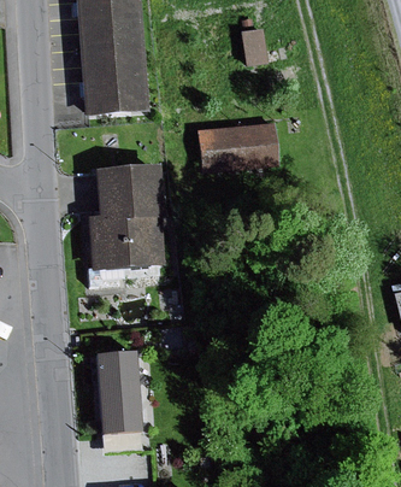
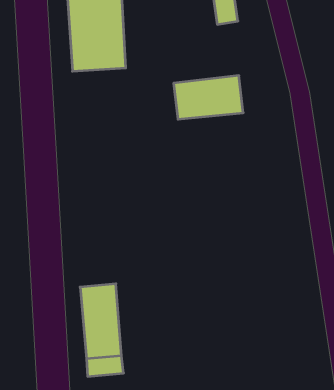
building: [88,163,166,269] -> none

